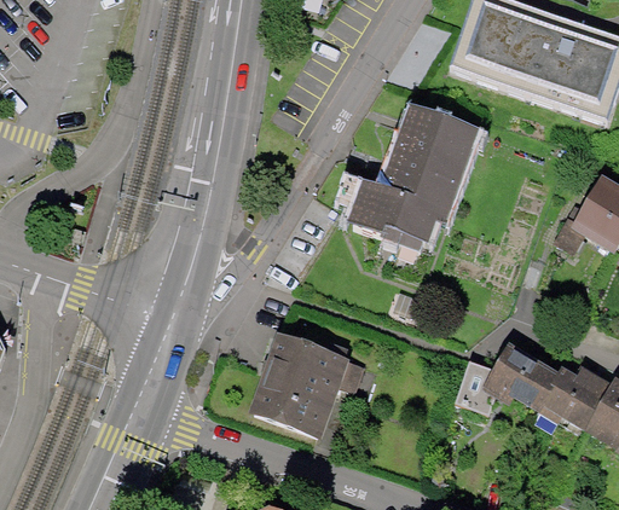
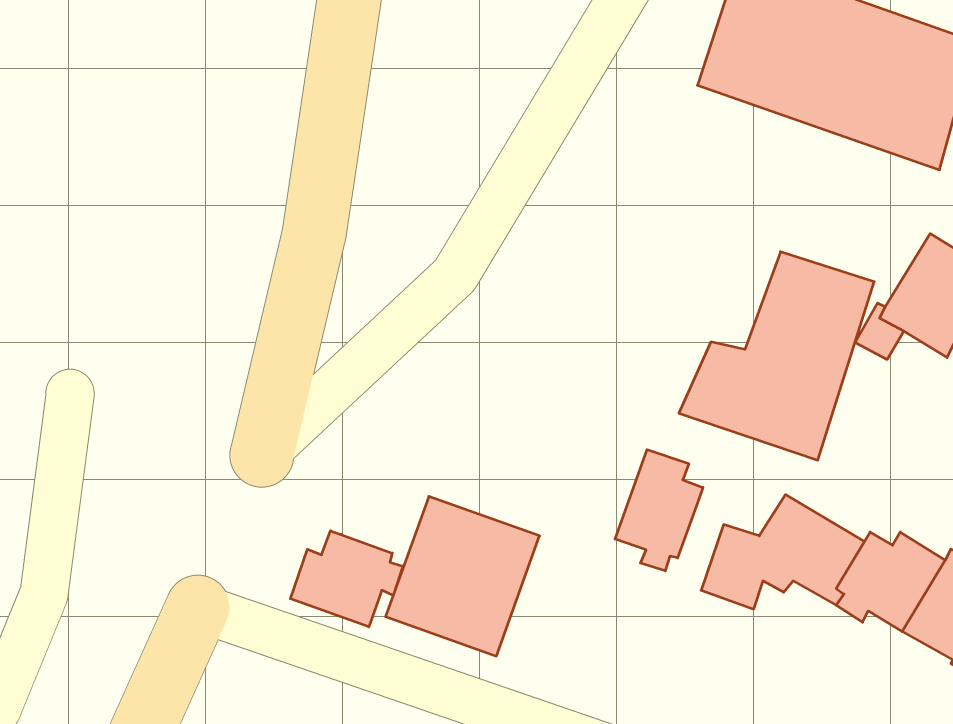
building: [347,118,473,253] -> [679,252,874,460]
building: none -> [615,450,703,571]
building: none -> [290,531,403,627]

